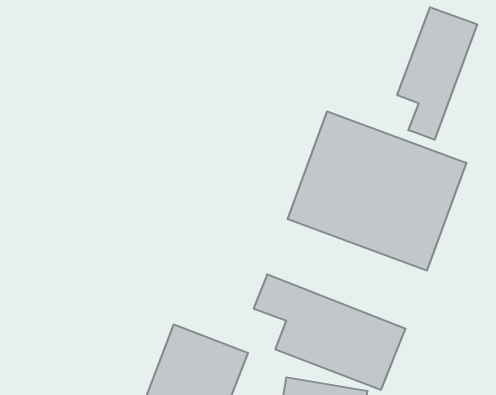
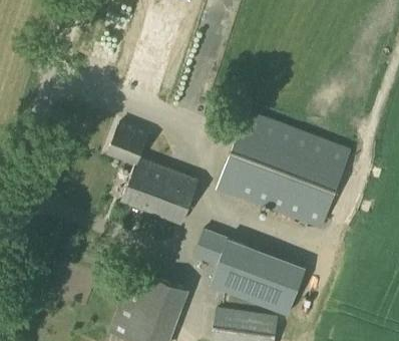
building: [397,7,477,140] -> none
building: none -> [108,124,198,224]

